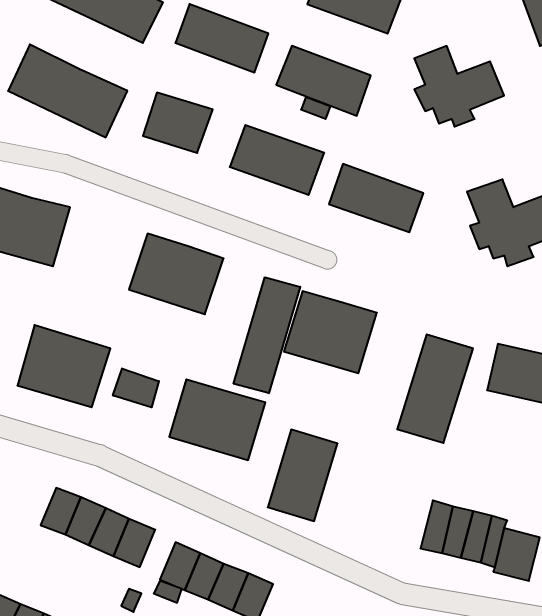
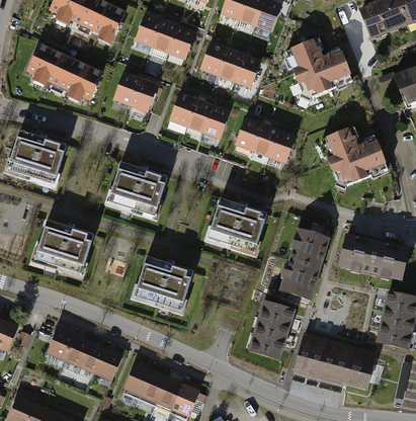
building: [234,277,300,393] -> none
building: [113,368,159,407] -> none
building: [268,430,338,521] -> [249,300,295,359]

